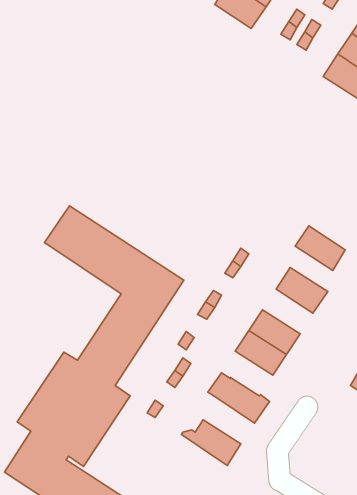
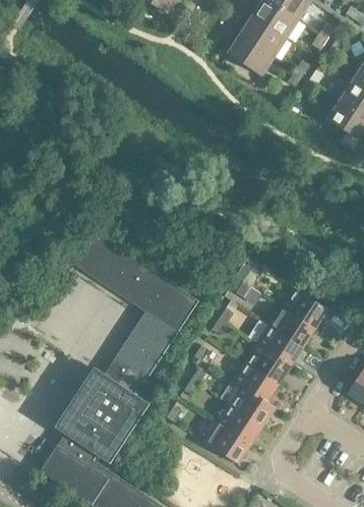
building: [295,226,345,270] -> [269,308,314,348]
building: none -> [233,363,279,403]
building: none -> [217,405,262,446]

